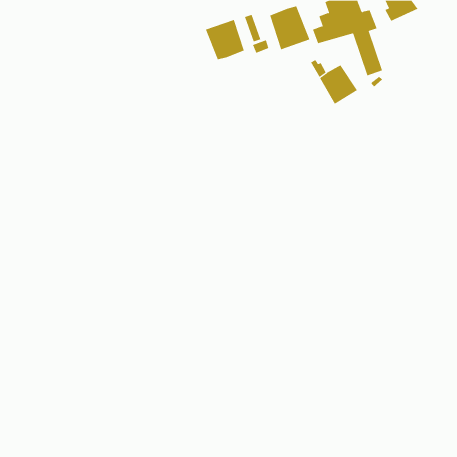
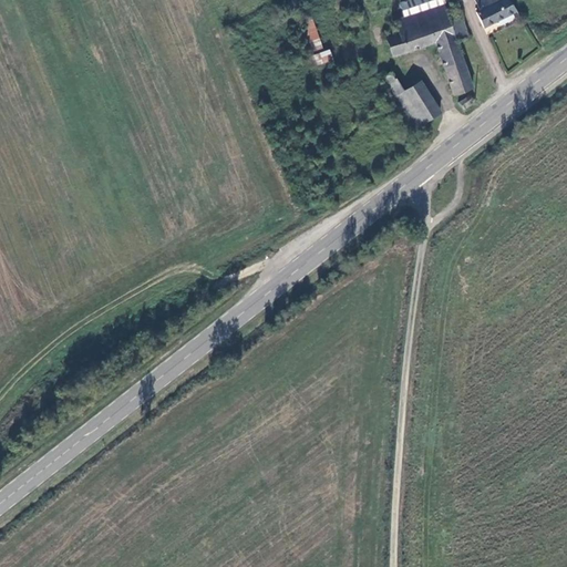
building: [269,6,310,50] -> none
building: [205,19,244,60] -> none

